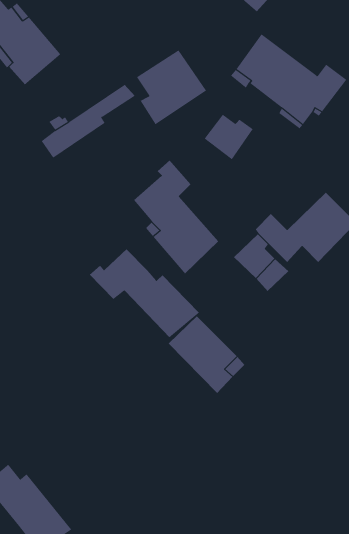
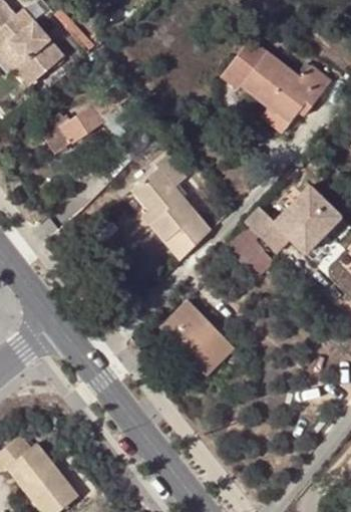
building: [136,49,207,125] -> none
building: [204,114,253,160] -> none
building: [89,249,200,338] -> none

